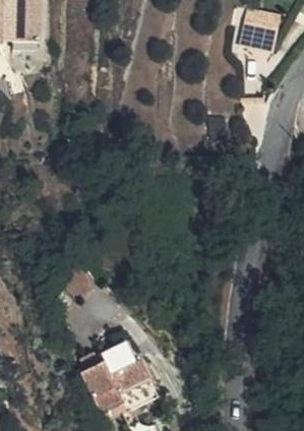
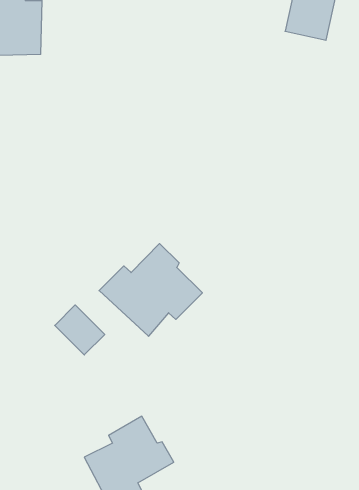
building: none -> [99,244,202,336]

